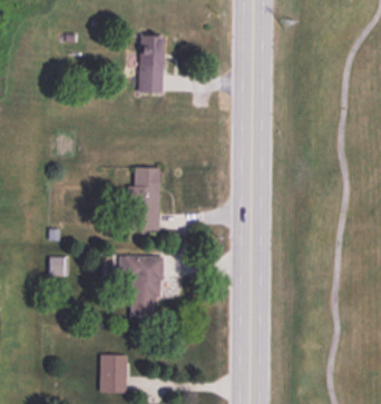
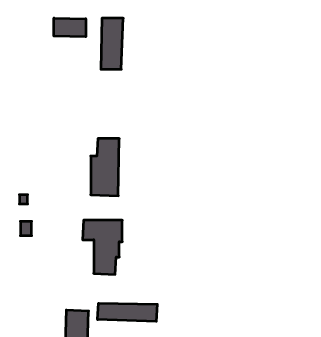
building: none -> [54,18,86,37]
building: none -> [98,303,157,321]

